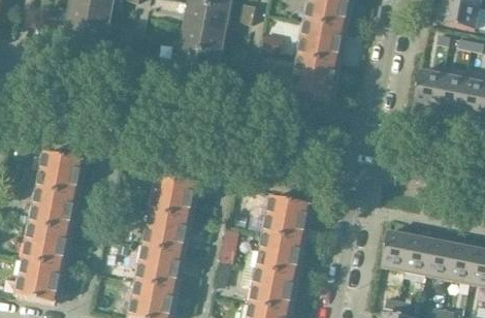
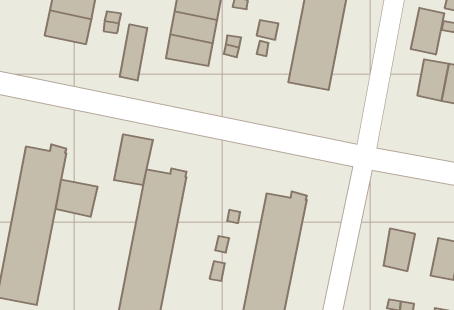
building: none -> [411,8,444,55]
building: none -> [120,24,147,81]
building: none -> [114,134,153,185]
building: none -> [56,180,97,217]
building: [403,233,432,273] -> none

